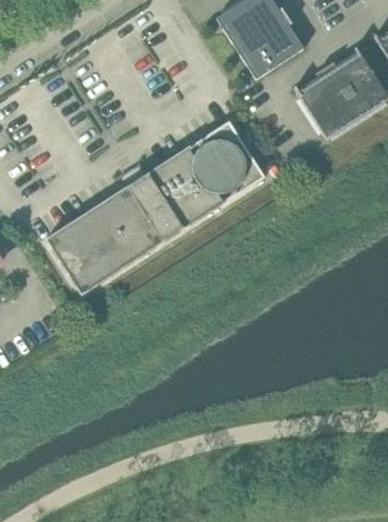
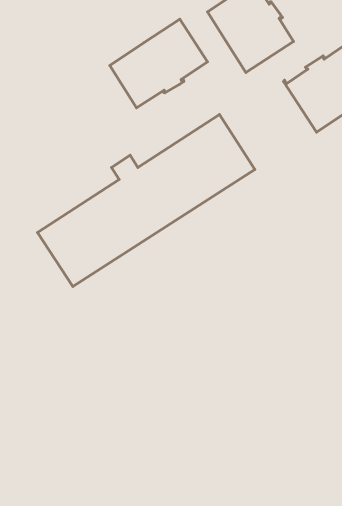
building: none -> [110,19,208,108]

